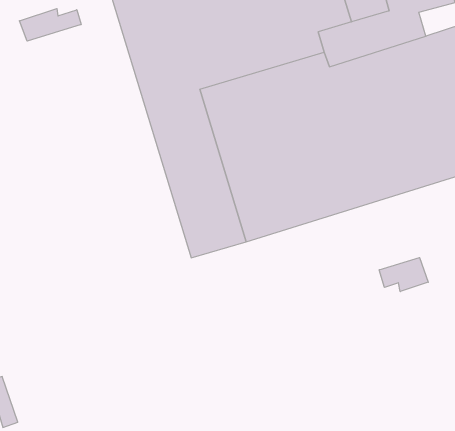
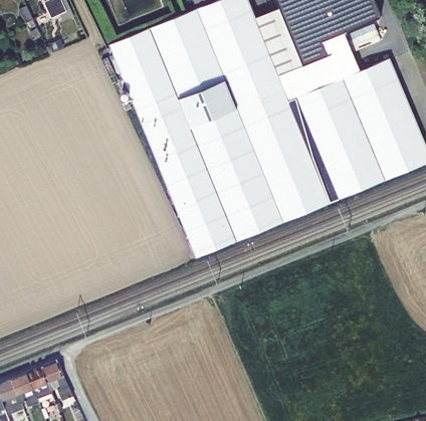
building: [19,9,81,41] -> none
building: [379,258,428,292] -> none

